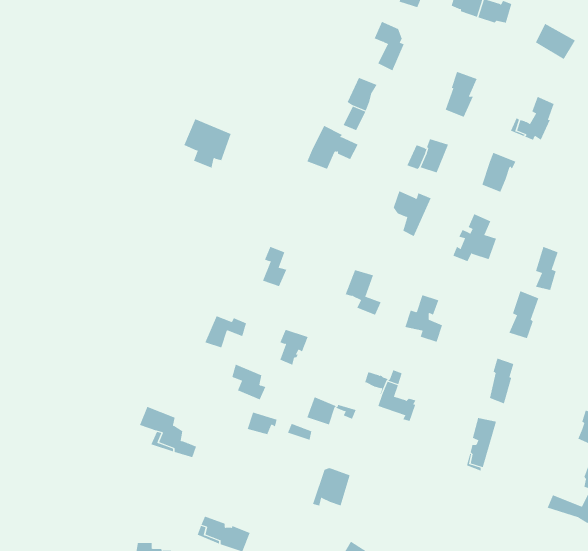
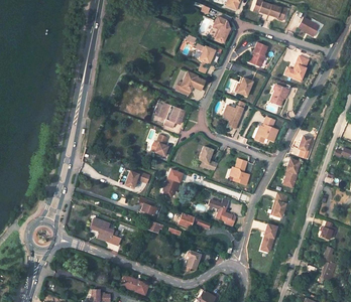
building: [183,118,232,168] -> [157,102,183,128]

